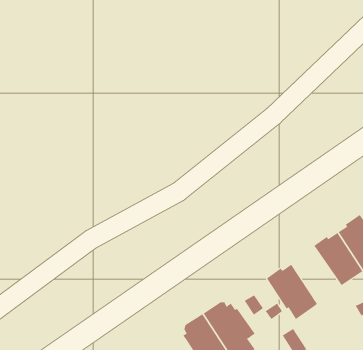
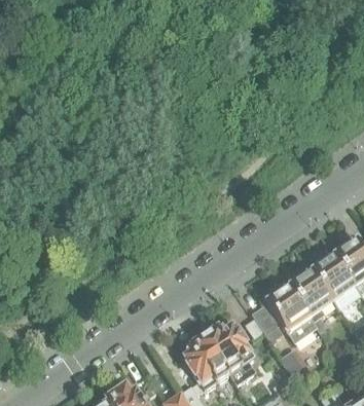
building: none -> [290,267,332,330]

